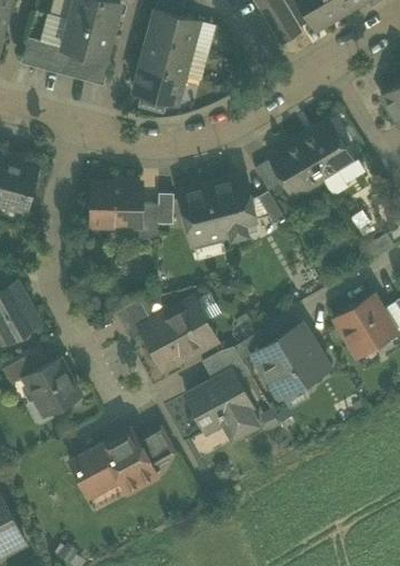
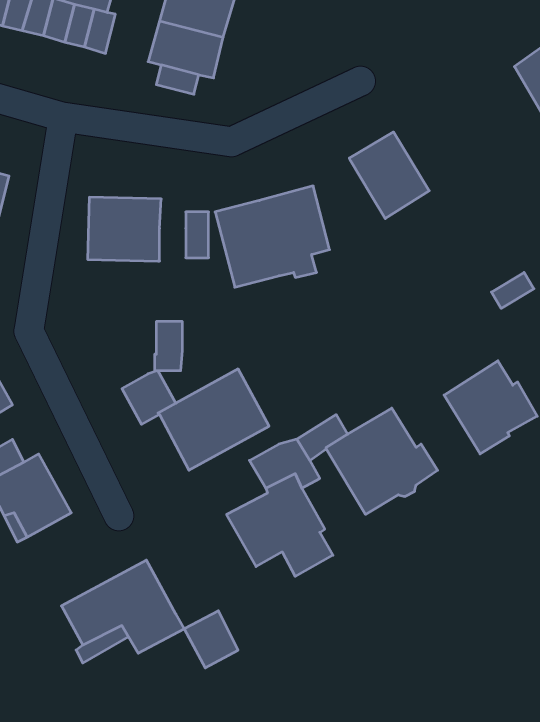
building: [299,122,365,196] -> none
building: [255,160,284,217] -> none
building: [140,206,159,239] -> [155,322,182,371]
building: [138,428,175,467] -> [184,611,238,668]

